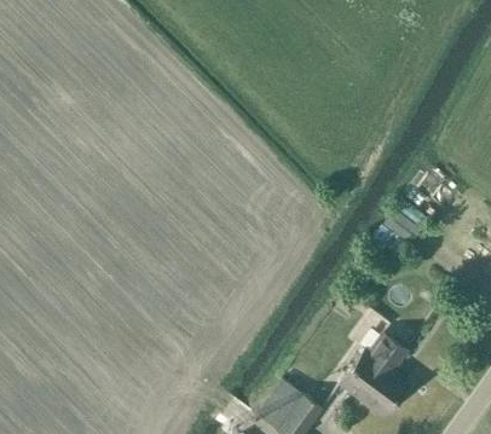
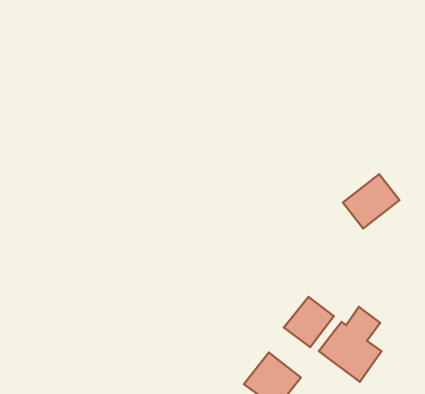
building: none -> [284,297,334,347]

